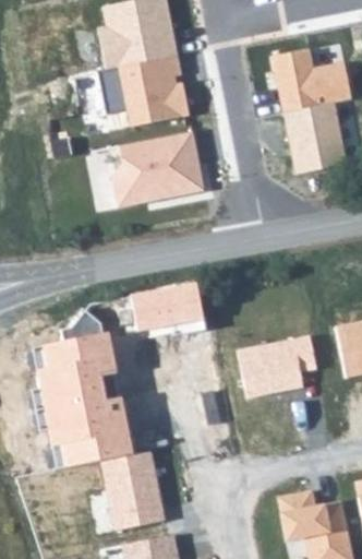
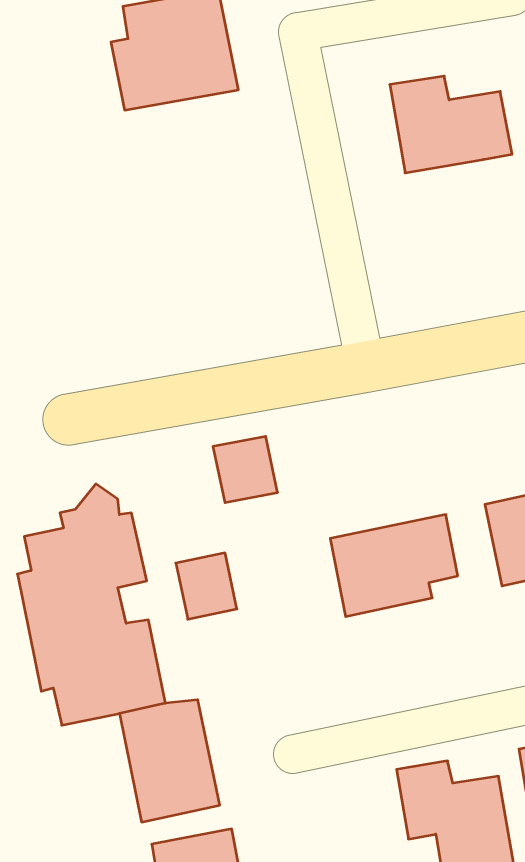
building: [99,59,186,127] -> none
building: [285,104,346,175] -> none
building: [111,130,205,207] -> none
building: [130,288,169,331] -> [176,553,237,619]

